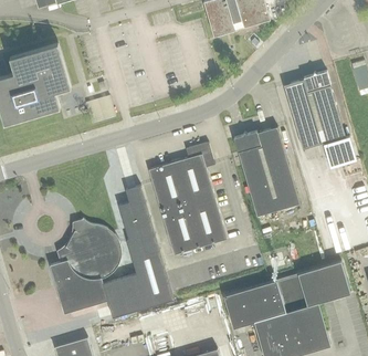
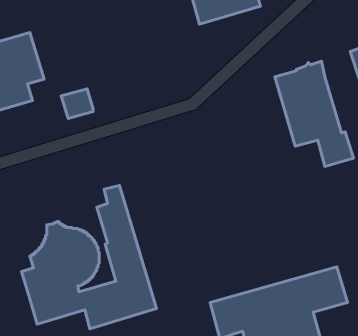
building: [233,127,299,217] -> none
building: [149,143,228,255] -> none

